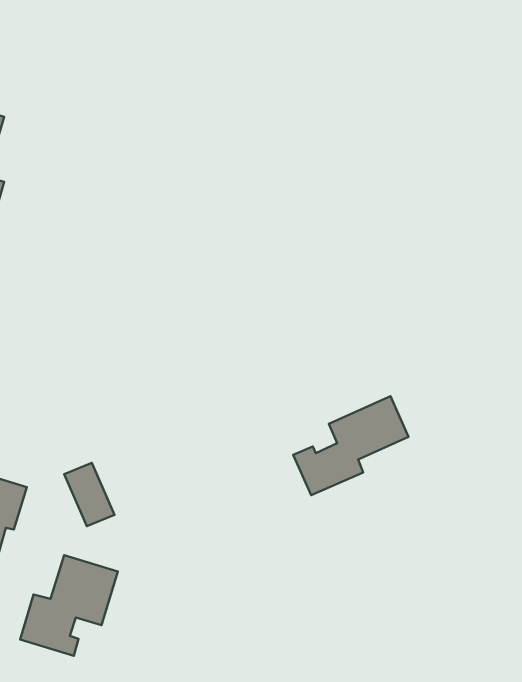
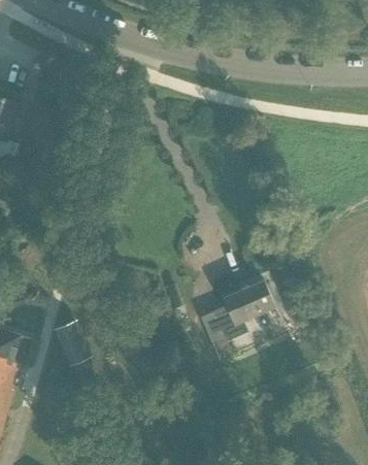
building: [20,555,118,656] -> none

